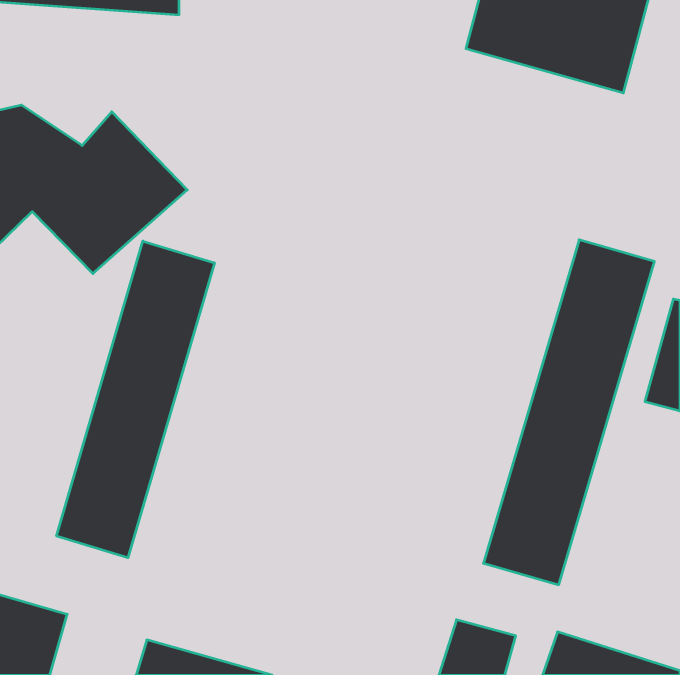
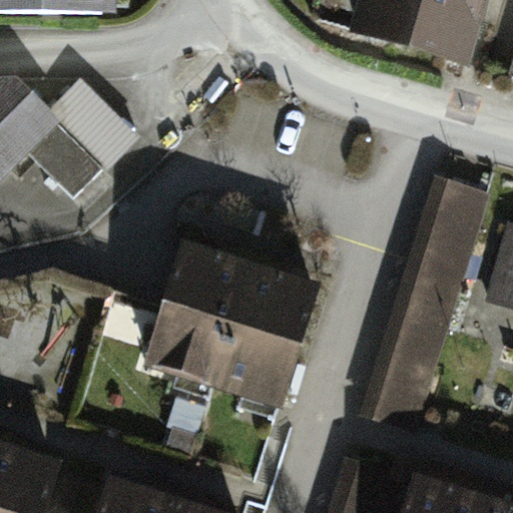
building: [57,241,214,558] -> none
building: none -> [154,239,324,402]

